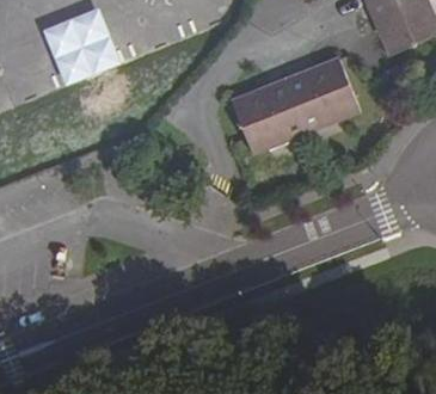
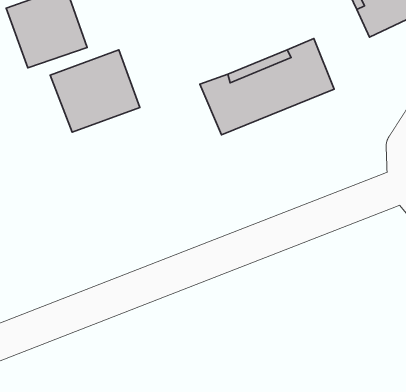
building: none -> [50,50,140,132]

